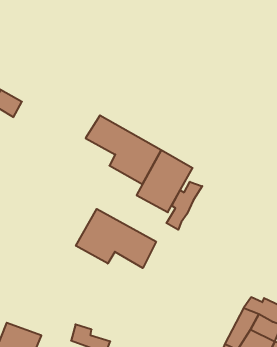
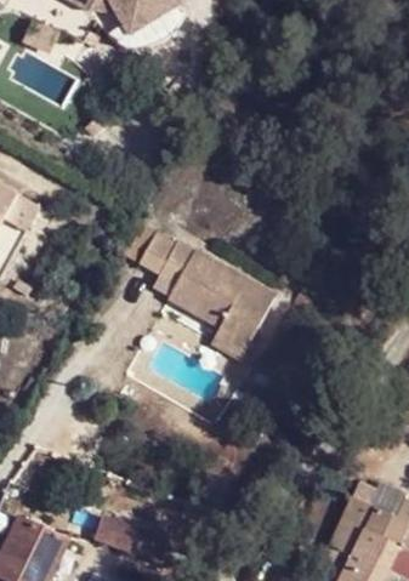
building: [166,182,202,230] -> none
building: [76,209,156,268] -> none

